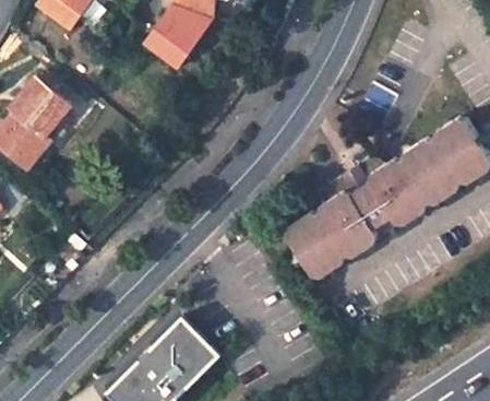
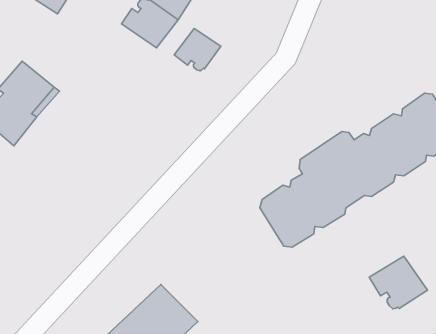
building: none -> [174,28,221,71]
building: none -> [369,256,427,309]

